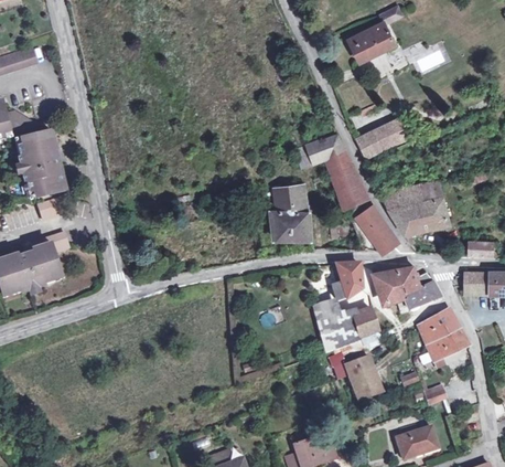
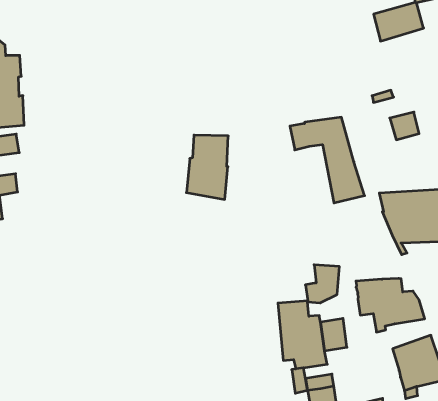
building: [358,128,388,156] -> none
building: [273,187,310,242] -> [186,135,228,199]
building: [357,206,399,253] -> none

